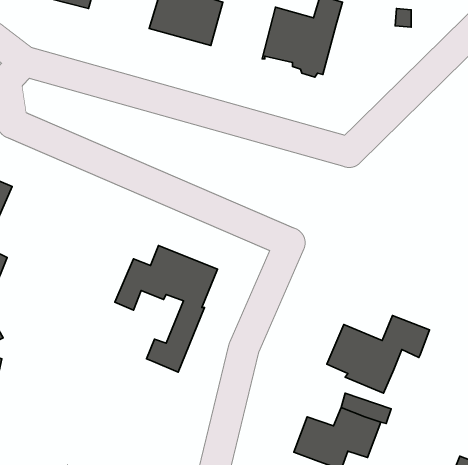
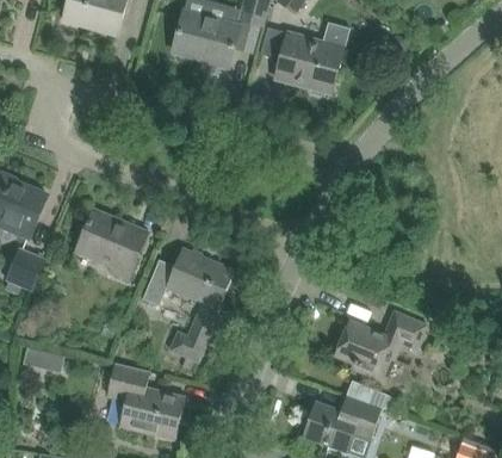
building: none -> [78,210,148,277]
building: none -> [106,363,184,439]

